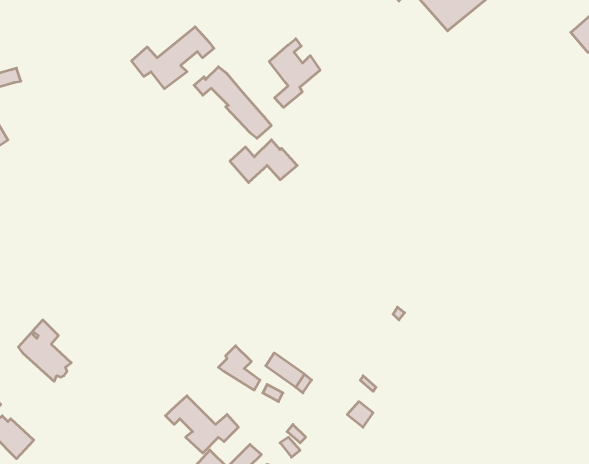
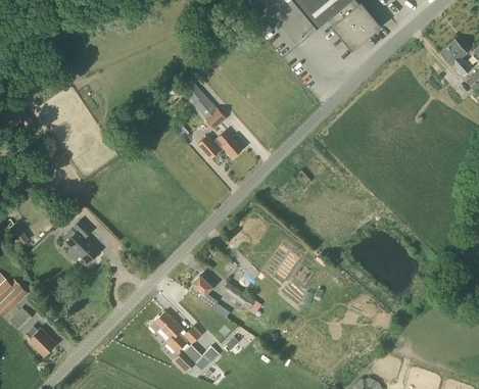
building: [132,27,214,89] -> none
building: [269,39,320,107] -> none
building: [18,320,71,381] -> [63,220,101,263]

